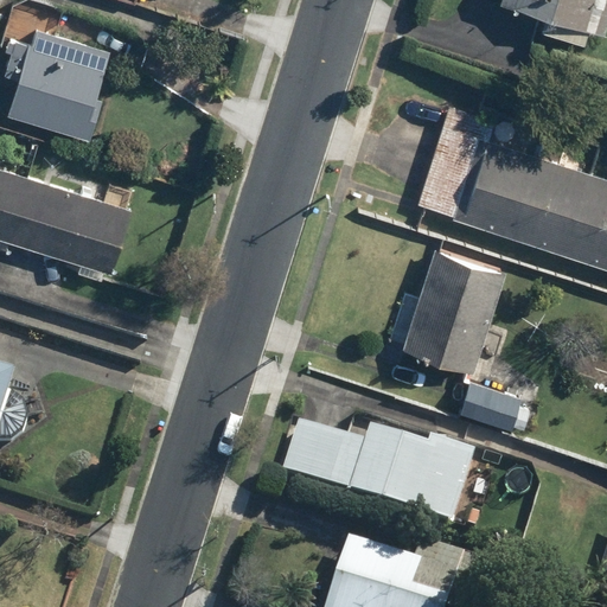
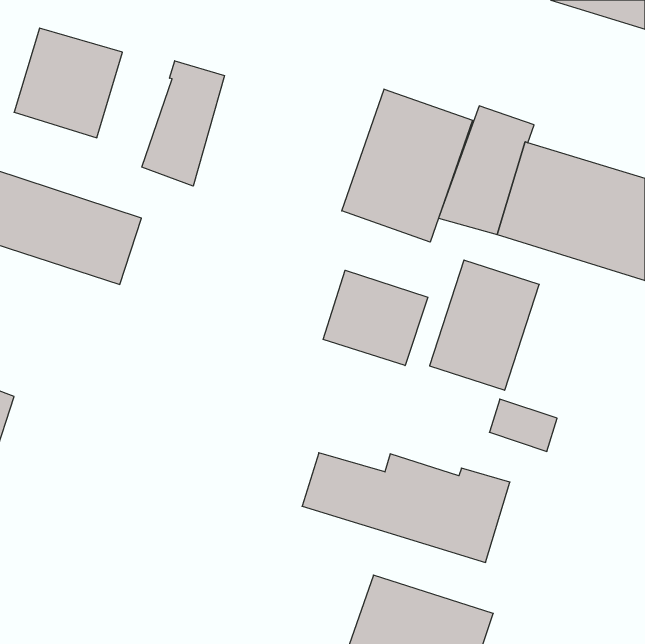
building: none -> [142,61,225,186]
building: none -> [342,89,473,242]
building: none -> [323,270,428,366]

